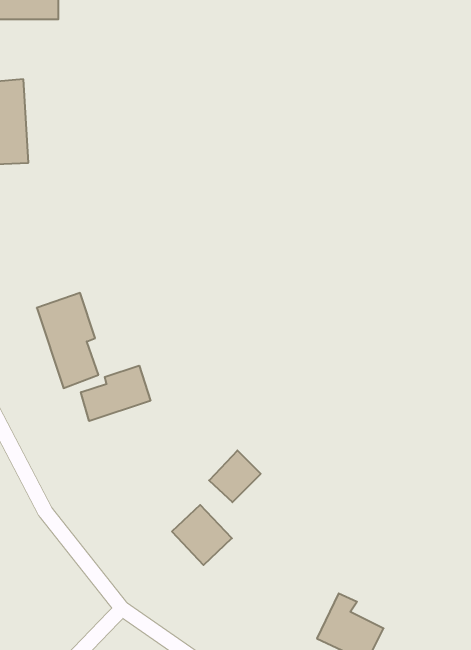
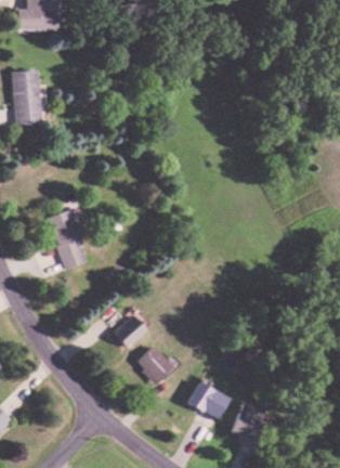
building: [81,366,150,421] -> none
building: [209,450,261,502] -> [114,314,147,348]
building: none -> [188,380,231,418]

